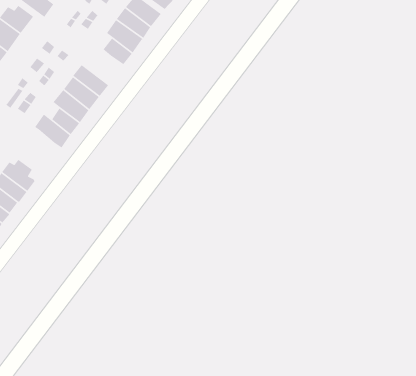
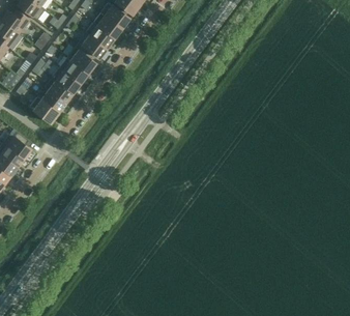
building: none -> [67,41,96,74]

